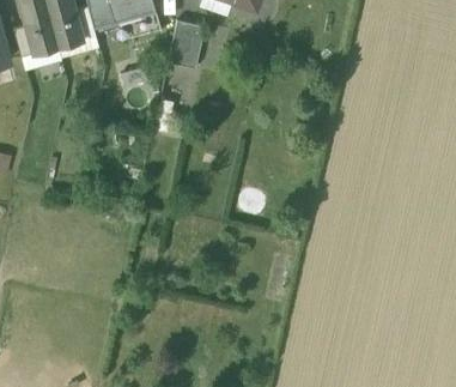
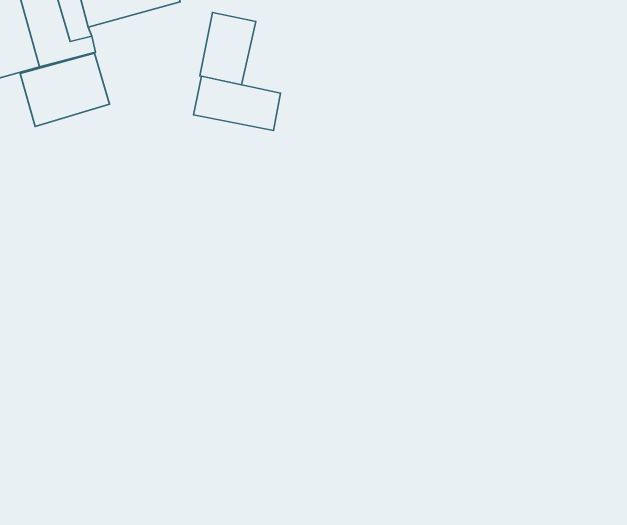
building: none -> [20,53,109,127]
building: none -> [193,76,281,130]

